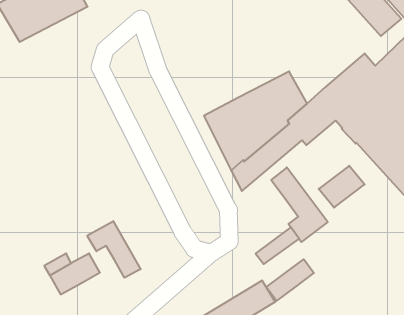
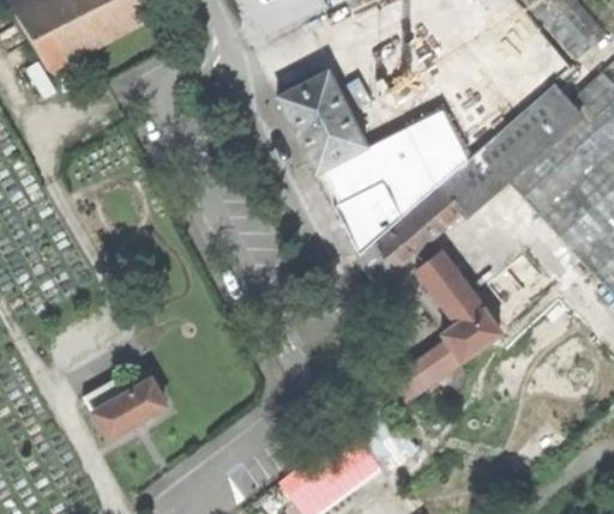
building: none -> [277,66,368,174]
building: [87,221,141,278] -> none
building: [266,259,314,301] -> none

